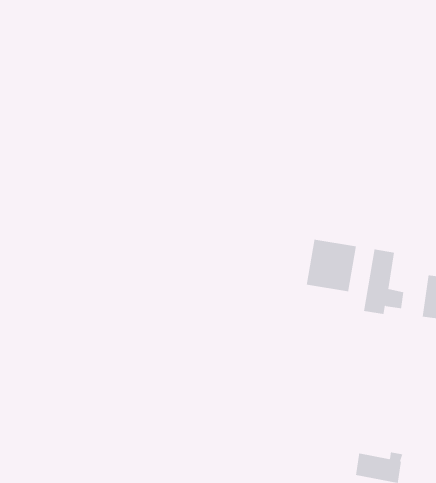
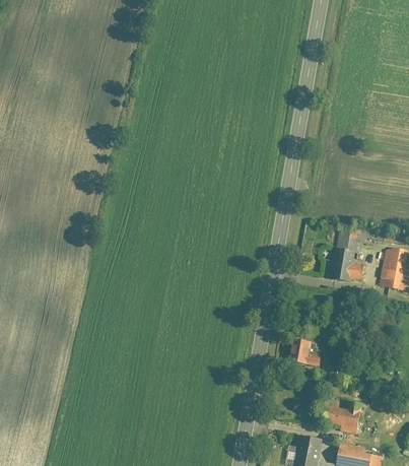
building: [306,239,357,292] -> none
building: none -> [287,338,321,363]

